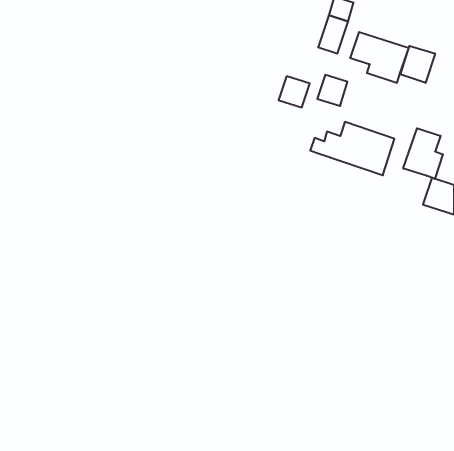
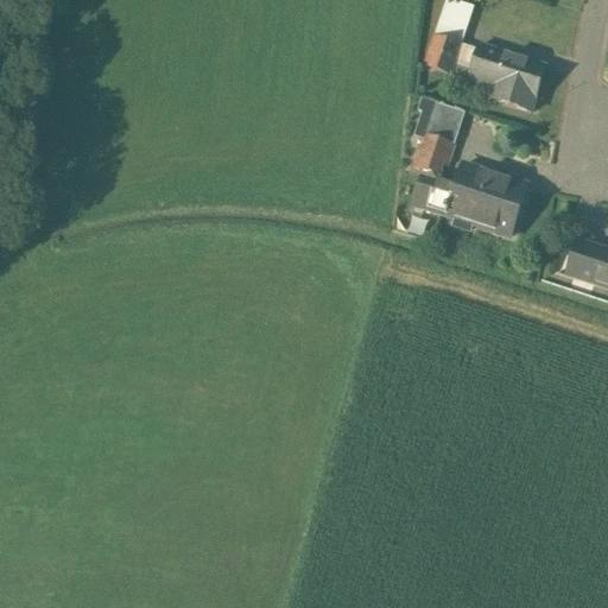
building: [400,46,435,83] -> none
building: [279,76,310,107] -> [413,132,455,173]
building: [403,128,443,179] -> none

